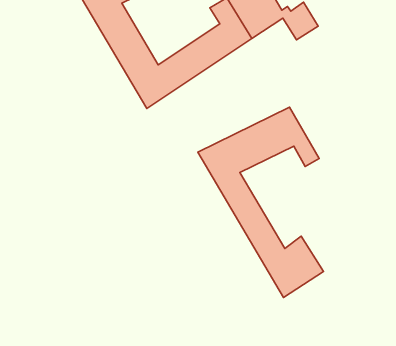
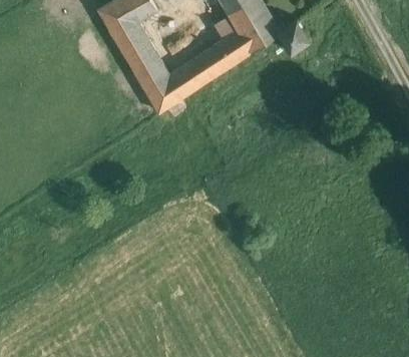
building: [198,107,323,297] -> none

